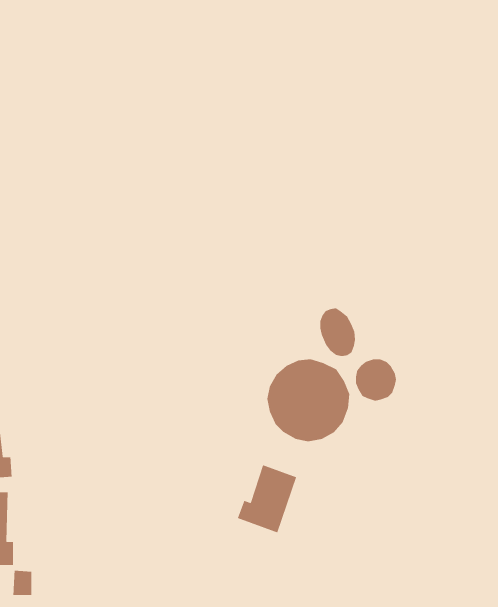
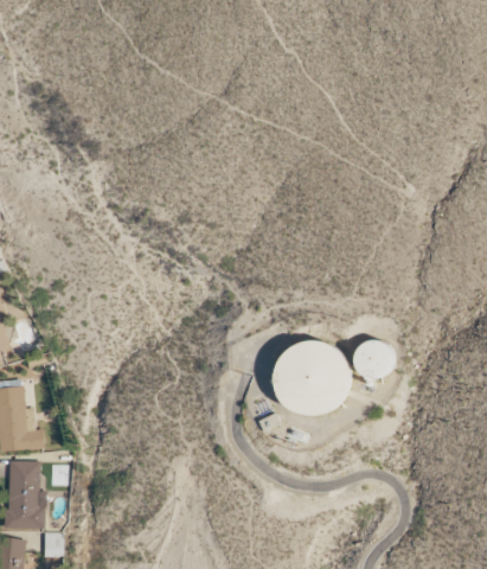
building: [319,308,356,357] -> none
building: [237,464,297,533] -> none

